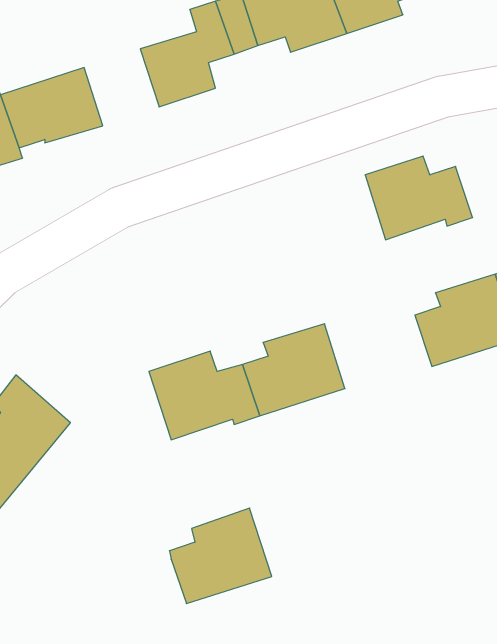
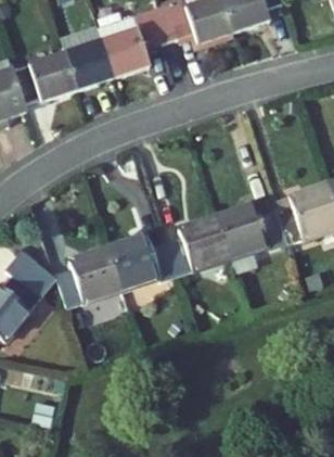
building: none -> [65,41,113,90]
building: [365,156,473,240] -> [218,204,286,257]
building: [169,508,272,604] -> [55,246,120,307]

